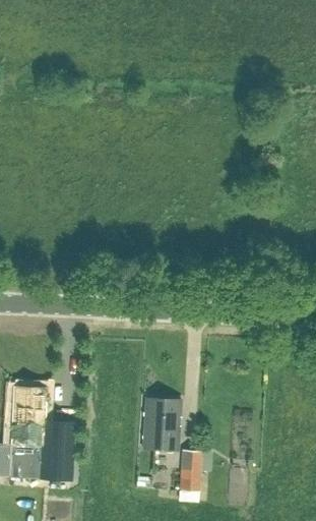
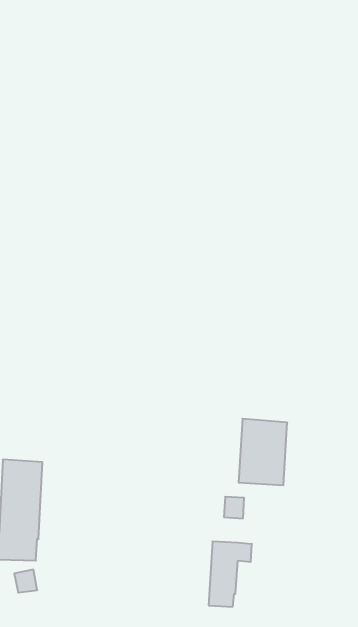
building: [142,397,181,450] -> [239,419,287,485]

